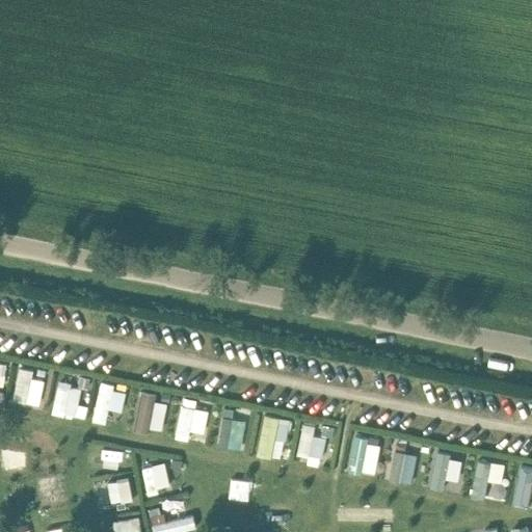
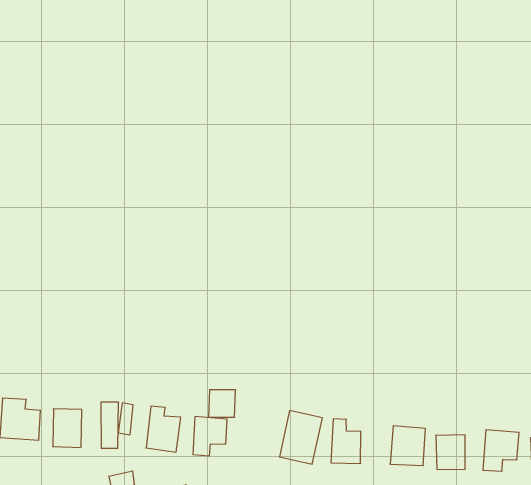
building: [217,420,244,447] -> [209,390,236,417]

